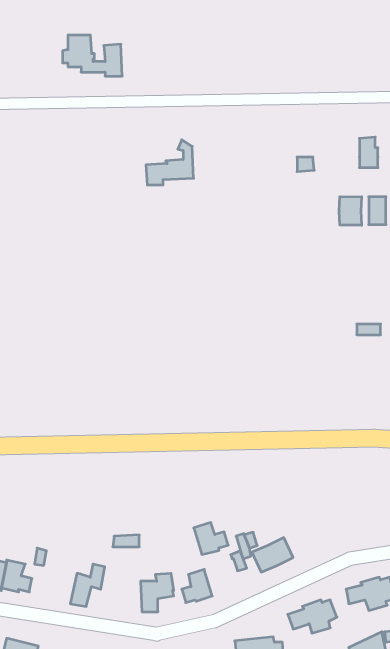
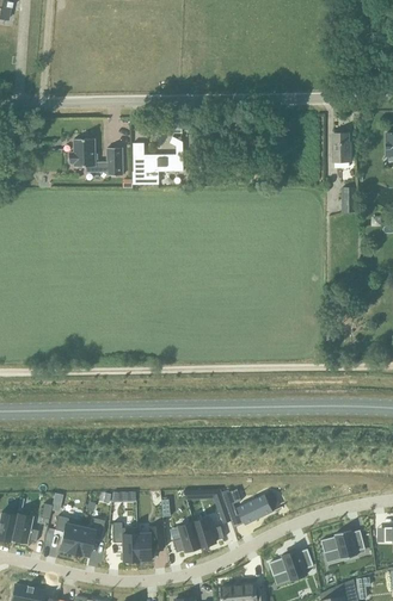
building: [63,35,122,76] -> [69,138,123,175]
building: [339,197,362,225] -> none
building: [194,523,228,554] -> [194,518,225,546]
building: none -> [55,515,81,553]
building: none -> [112,522,137,560]

